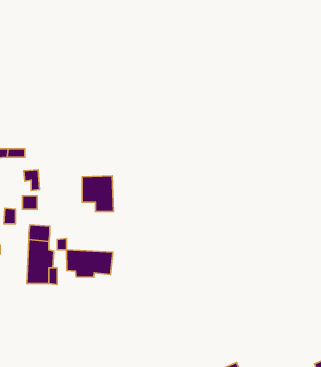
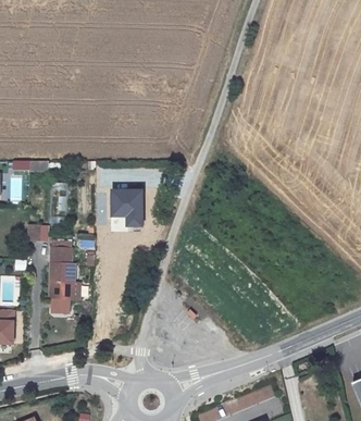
building: [66,250,113,277] -> none

